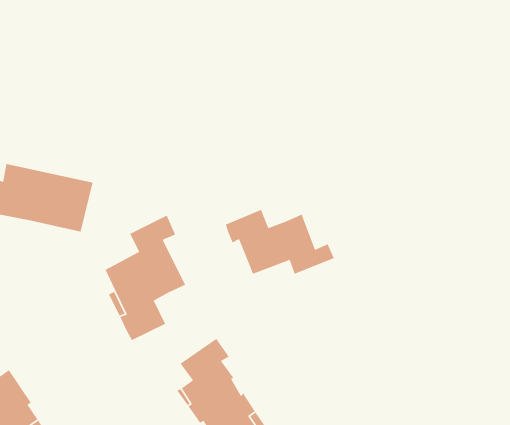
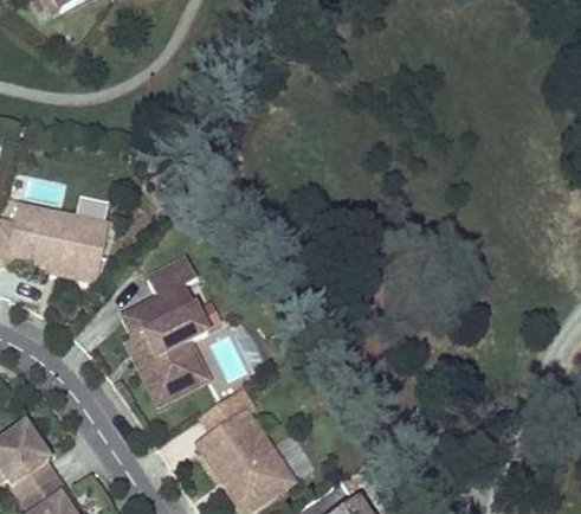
building: [225,209,335,275] -> none
building: none -> [151,339,211,404]

